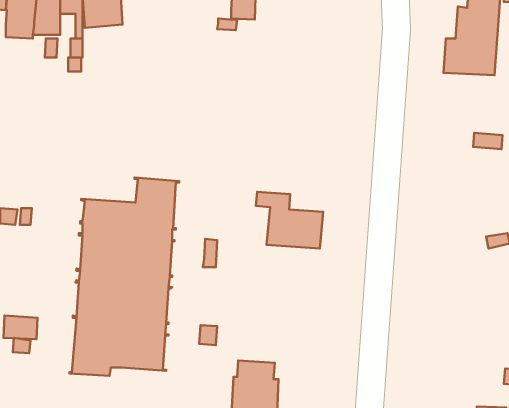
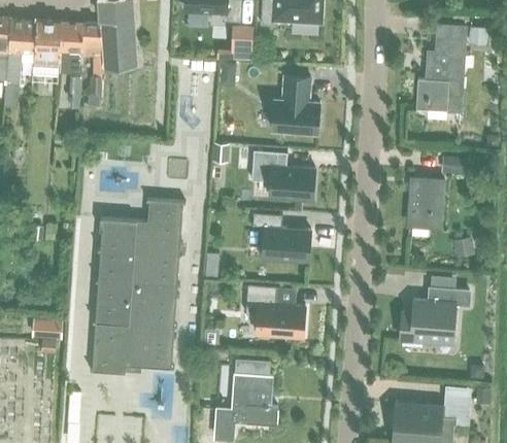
building: none -> [269,75,319,133]
building: none -> [250,150,315,200]
building: none -> [409,178,443,227]
building: none -> [245,284,305,338]
building: none -> [401,287,469,343]

